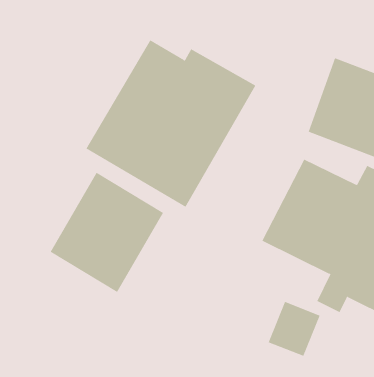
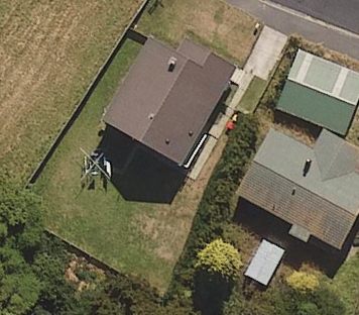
building: [50,172,164,293] -> none

